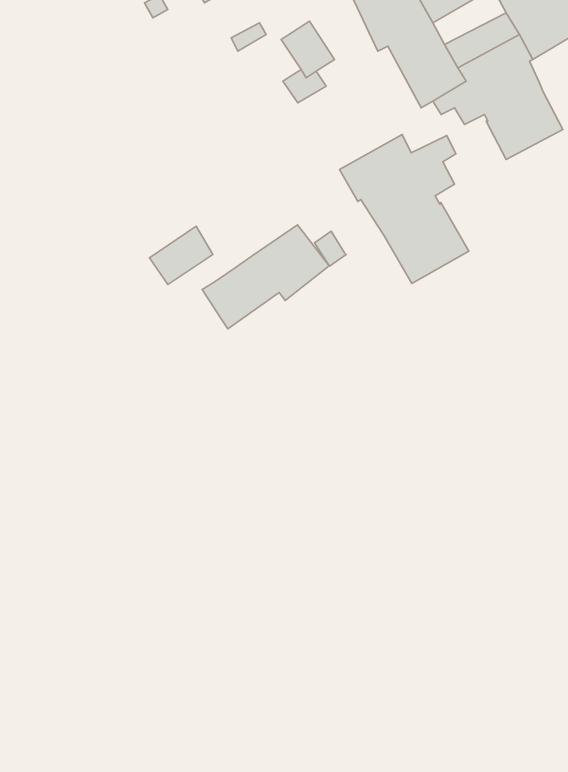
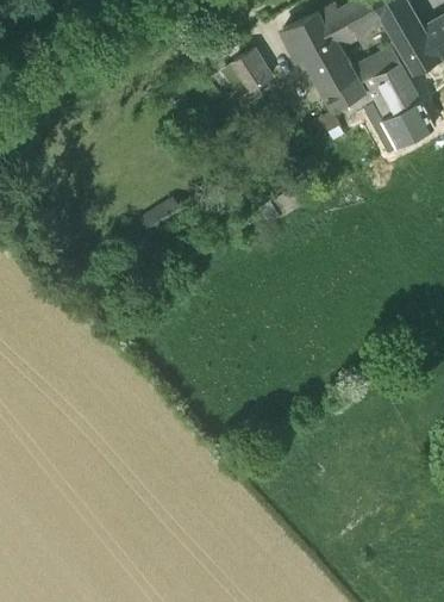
building: [340,135,469,284] -> none
building: [202,225,329,329] -> none

